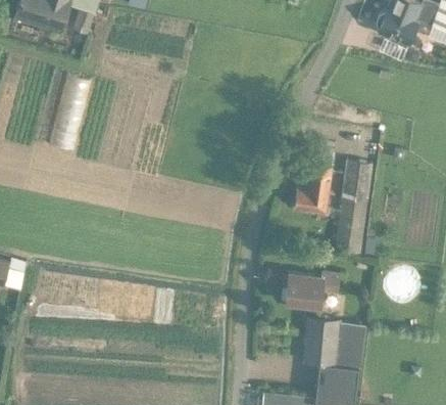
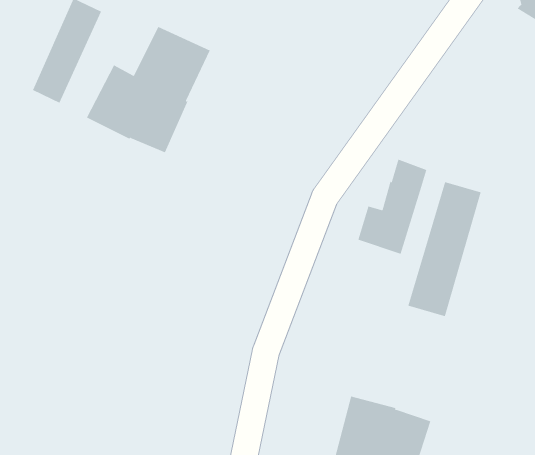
building: none -> [86,26,210,153]
building: [285,273,339,307] -> none

